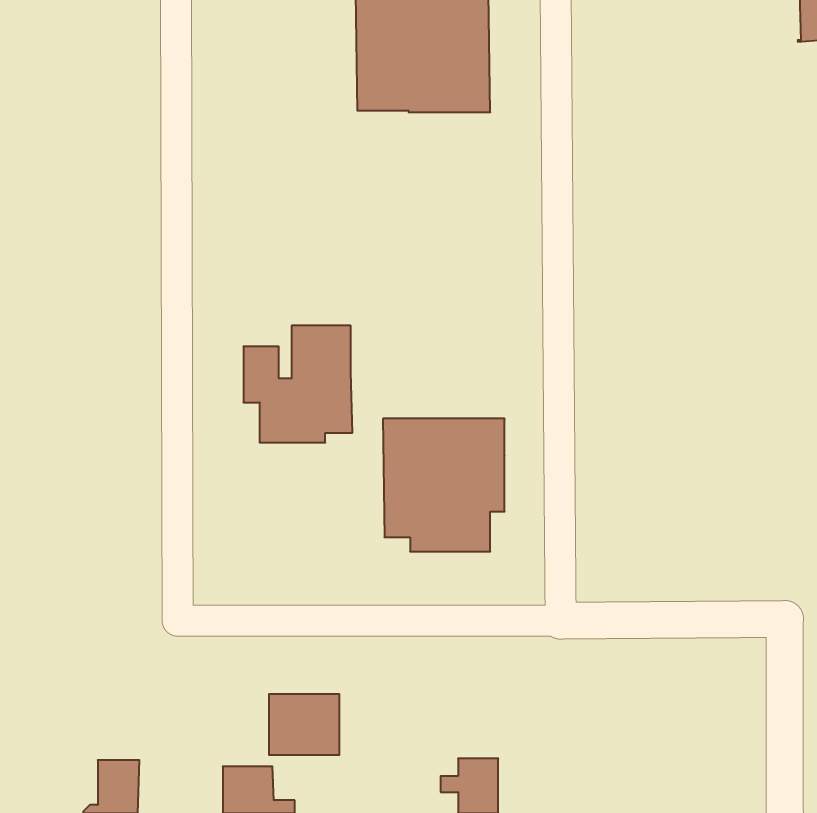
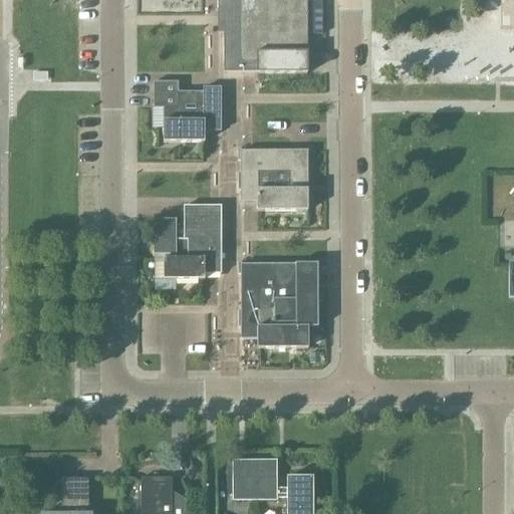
building: none -> [154,79,221,140]
building: none -> [241,148,308,209]
building: [269,694,339,755] -> [233,458,277,496]

